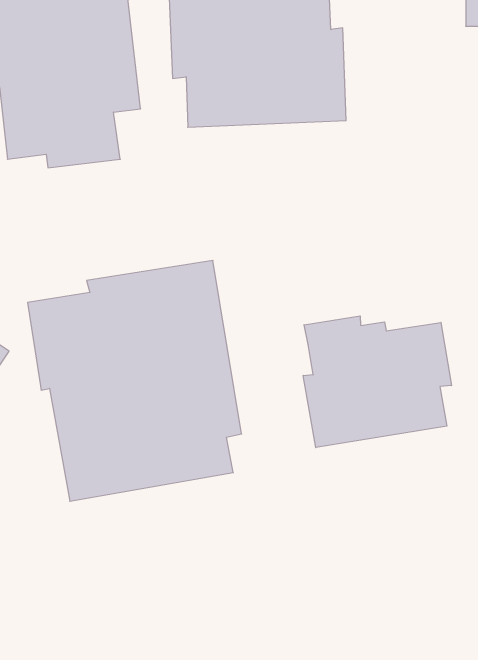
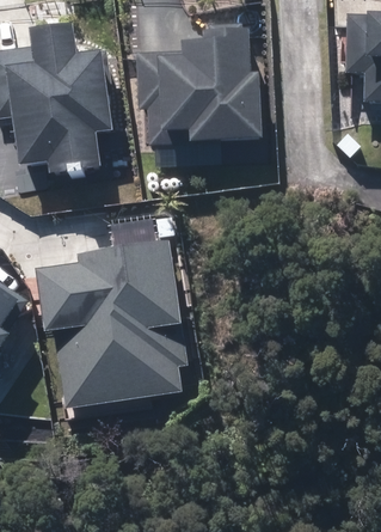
building: [303,316,451,448] -> none

